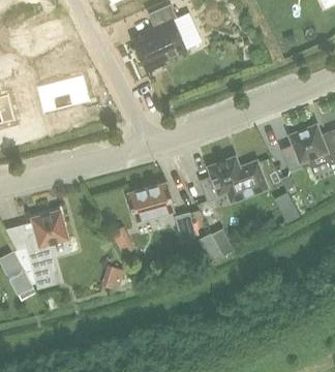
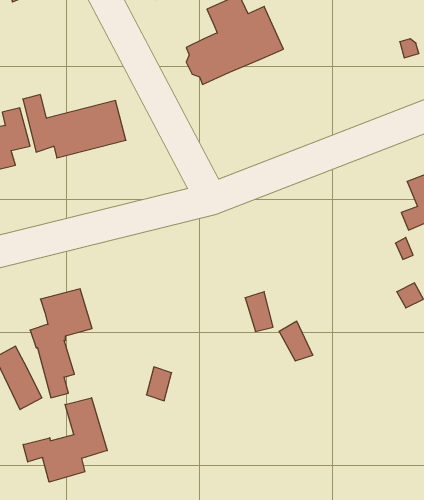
building: [203,156,267,202] -> none
building: [126,181,175,221] -> none
building: none -> [23,398,107,482]

